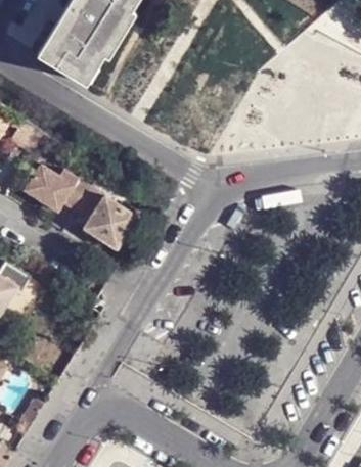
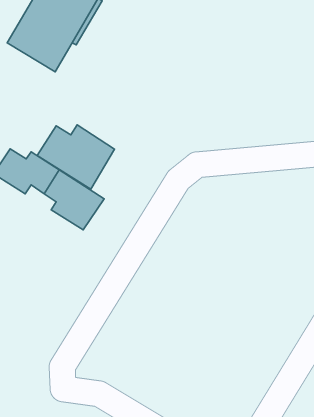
building: none -> [37,125,114,189]

